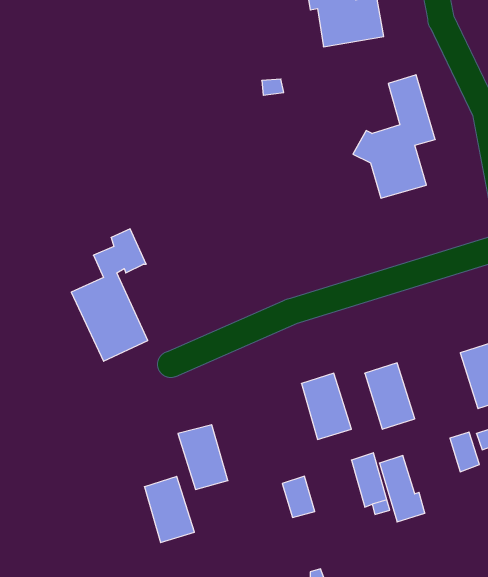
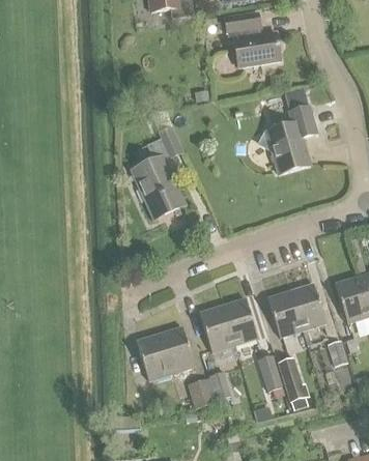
building: [71,229,148,361] -> [132,126,186,220]
building: none -> [290,284,325,330]
building: none -> [199,306,234,352]
building: [144,476,194,543] -> [160,327,195,374]
building: none -> [188,377,217,409]

